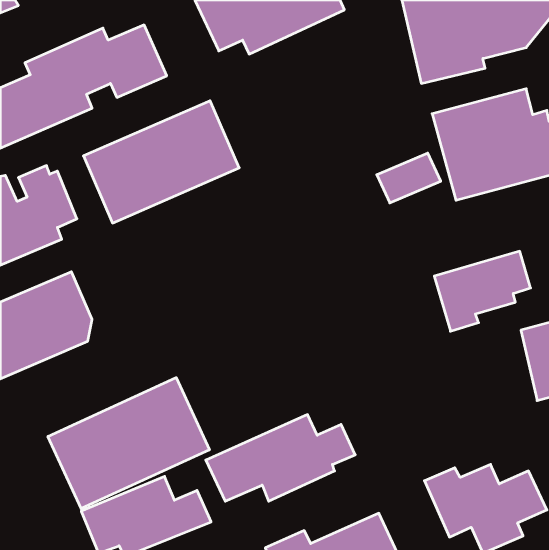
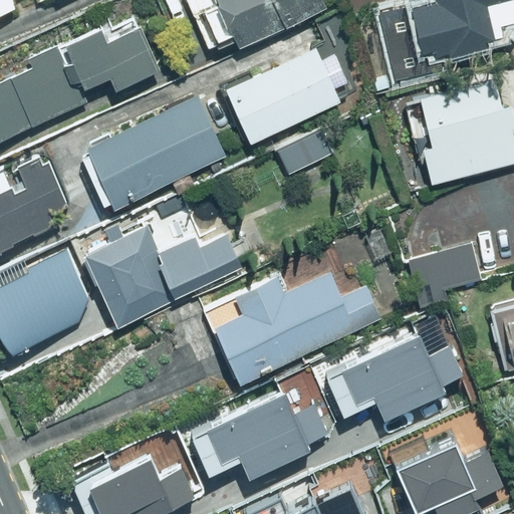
building: none -> [222,47,347,144]
building: [377,153,441,203] -> [276,130,335,176]
building: none -> [77,227,242,332]
building: none -> [208,271,382,390]
building: none -> [330,329,468,410]
building: [48,378,209,509] -> none

